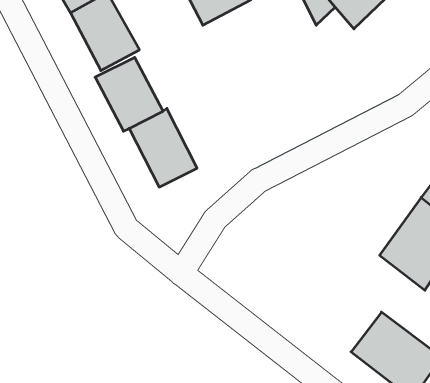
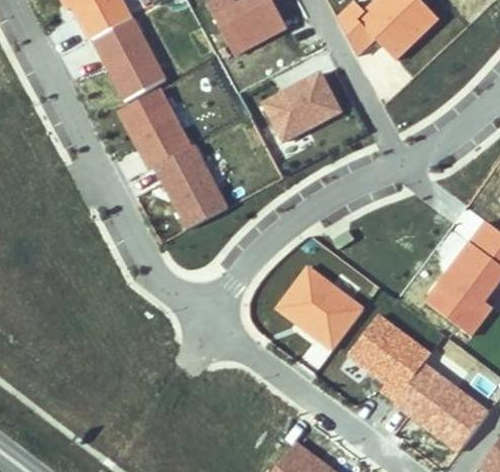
building: none -> [260,71,344,144]
building: none -> [273,264,364,352]
building: none -> [347,313,431,404]

